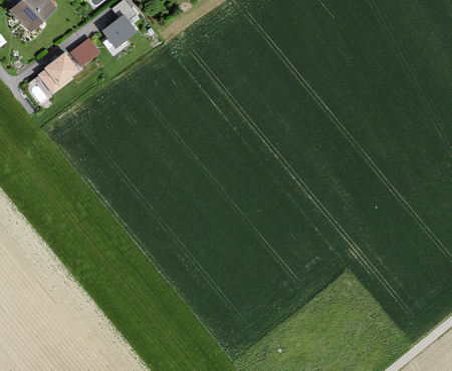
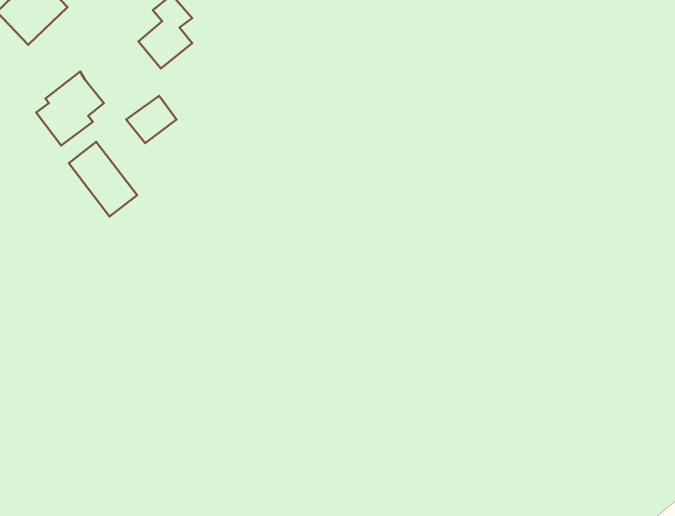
building: [67,39,99,69] -> [126,96,177,143]
building: none -> [69,142,137,217]

